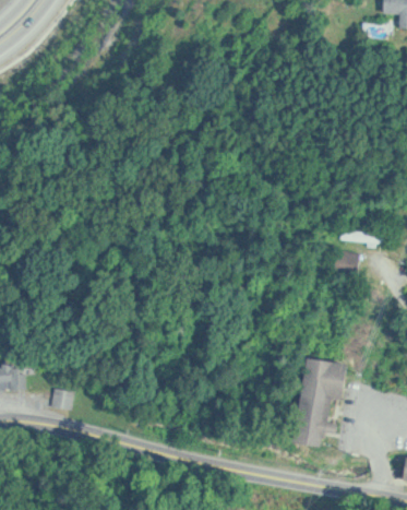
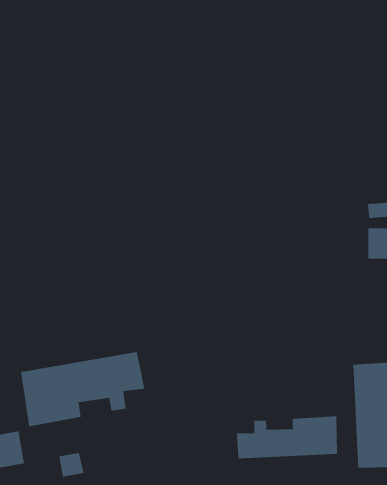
building: none -> [20,351,145,427]
building: none -> [236,416,337,459]

